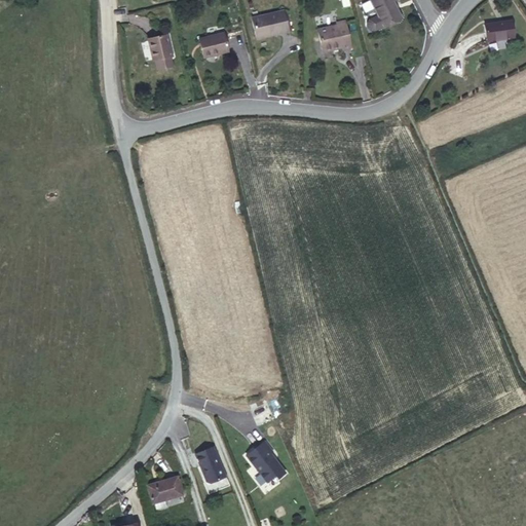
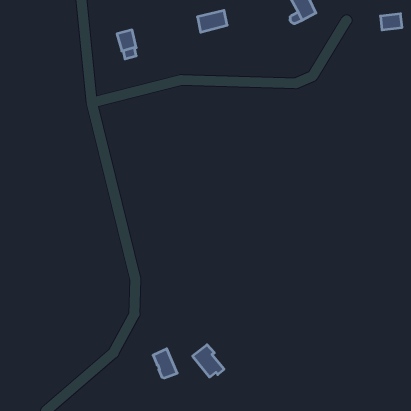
building: [320,18,352,50] -> none
building: [200,35,230,58] -> none
building: [141,480,180,508] -> none

